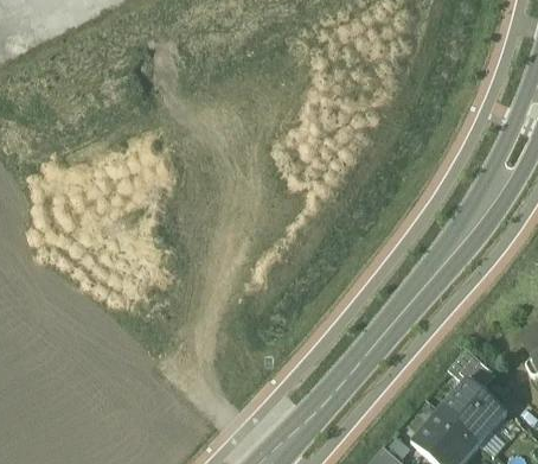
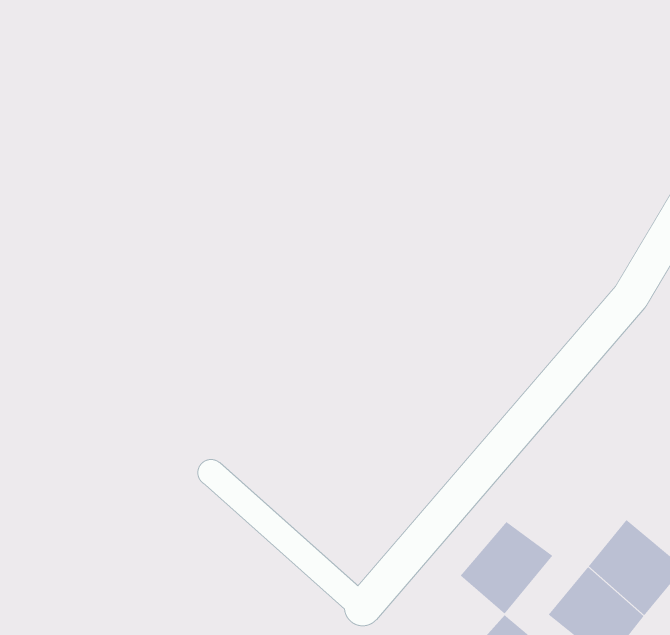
building: none -> [460,521,553,614]

